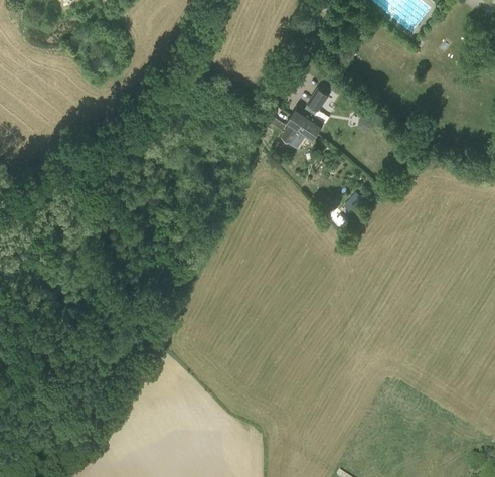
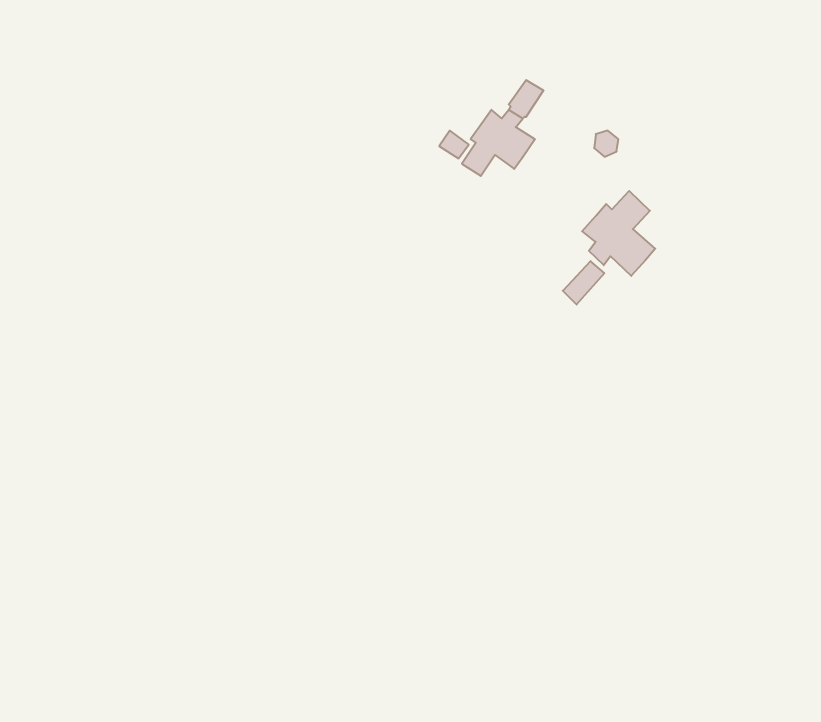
building: none -> [582,191,655,276]

